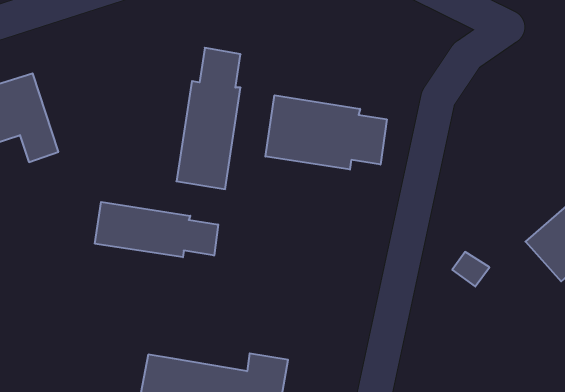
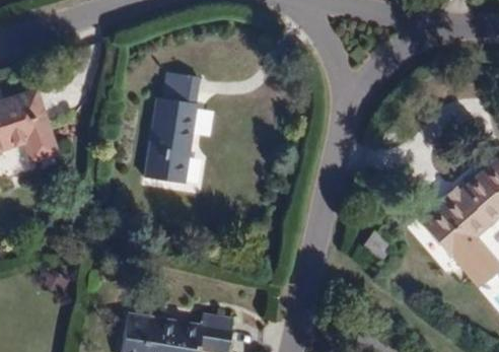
building: [265,95,387,170] -> none
building: [95,202,218,257] -> none

